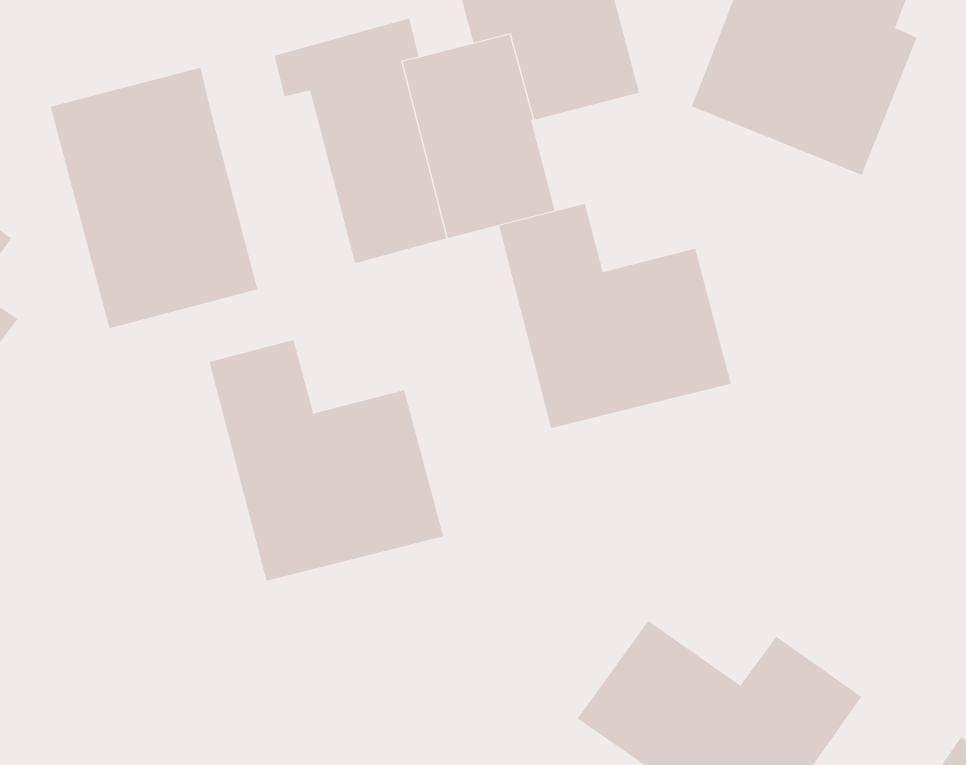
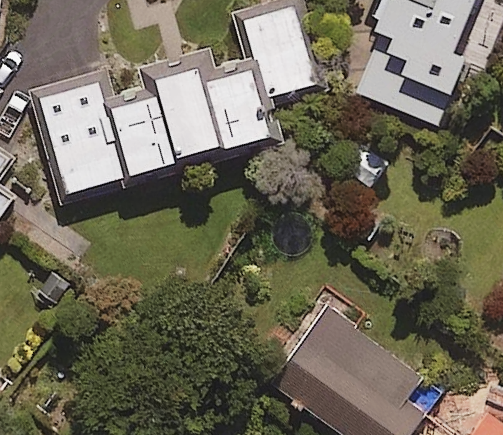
building: none -> [109,81,181,182]
building: [499,203,732,429] -> none
building: [209,339,444,581] -> none

